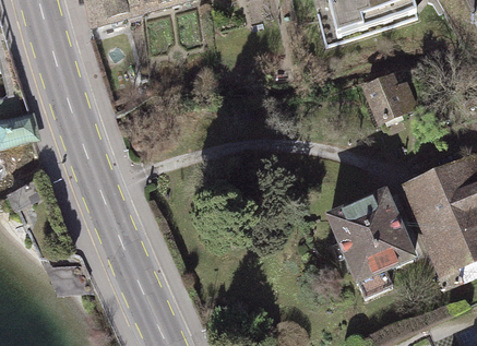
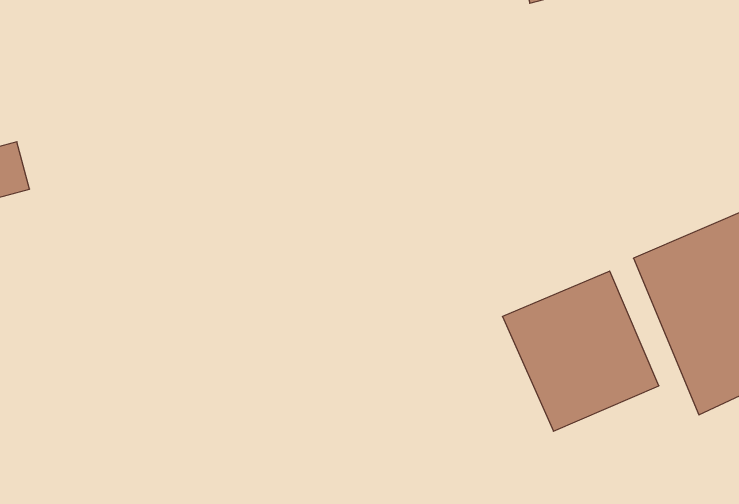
building: [365,63,424,119] -> none

